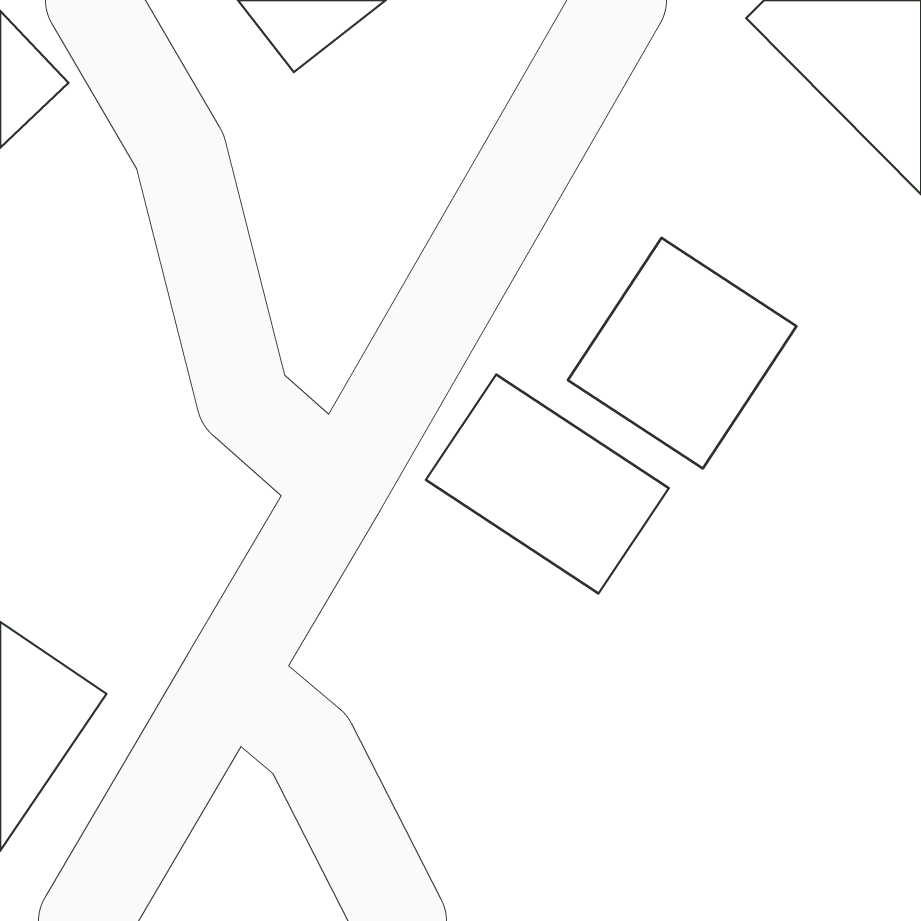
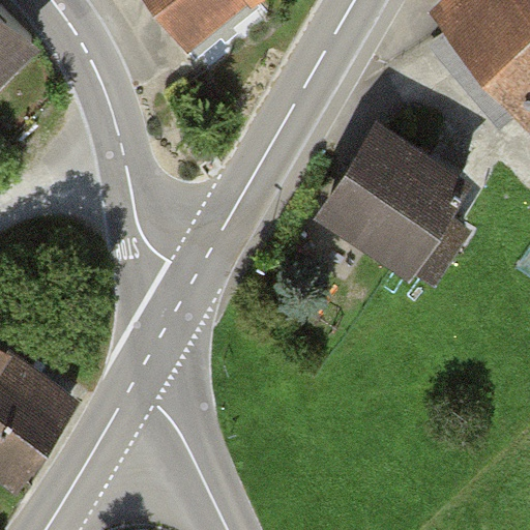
building: [426,375,669,594] -> none

